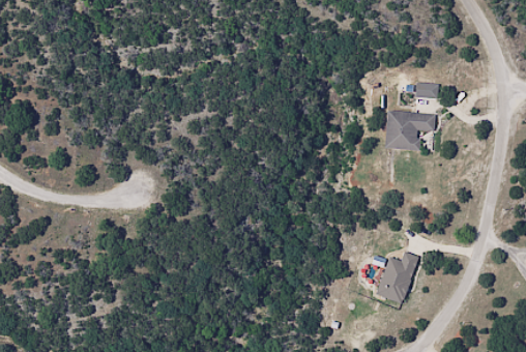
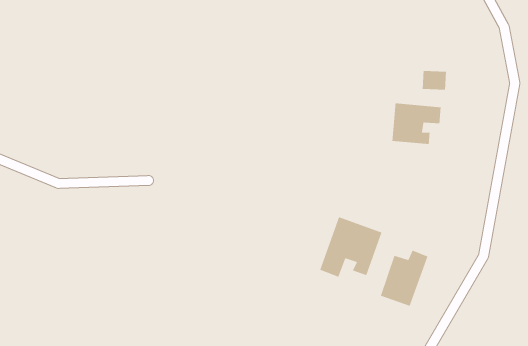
building: none -> [319,216,383,278]

